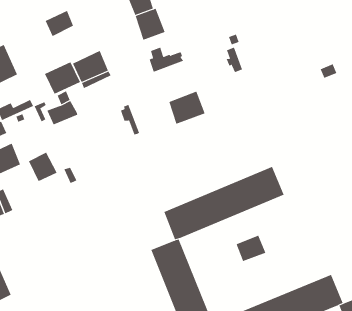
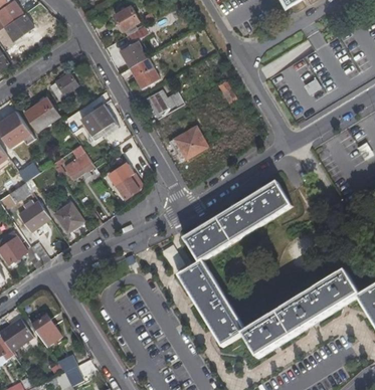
building: [44,61,81,94] -> [24,96,58,129]
building: none -> [106,162,145,203]
building: [236,235,266,262] -> none

